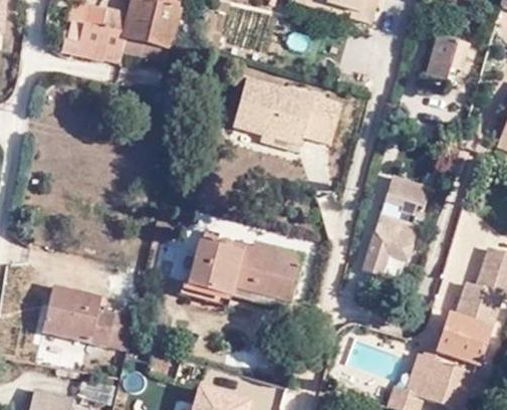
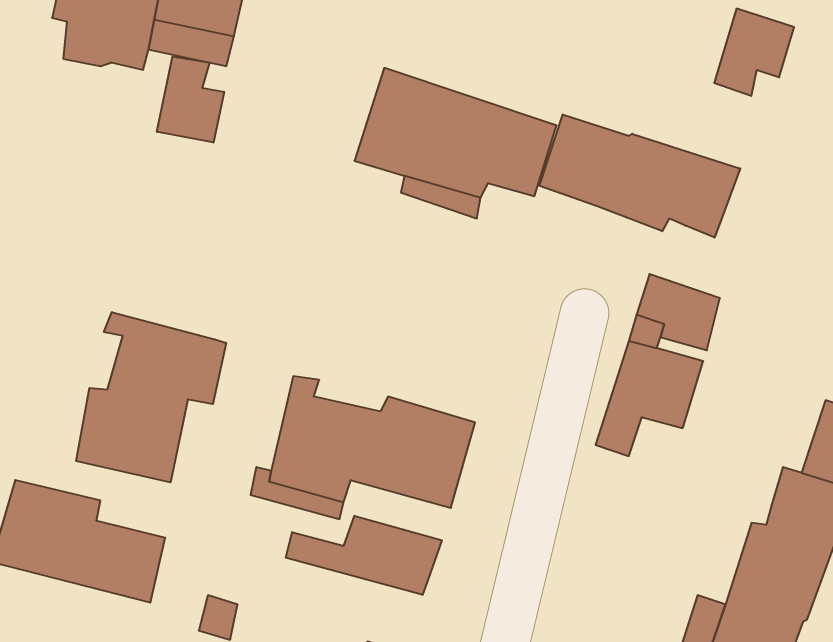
building: none -> [157,57,224,143]
building: none -> [539,114,740,238]
building: none -> [76,312,226,482]
building: none -> [286,516,442,595]

